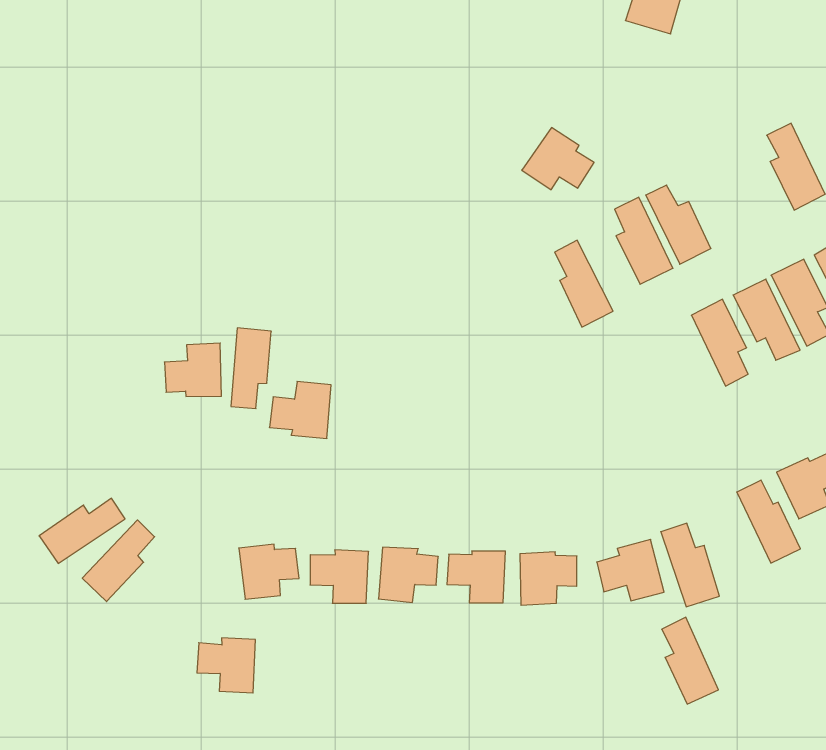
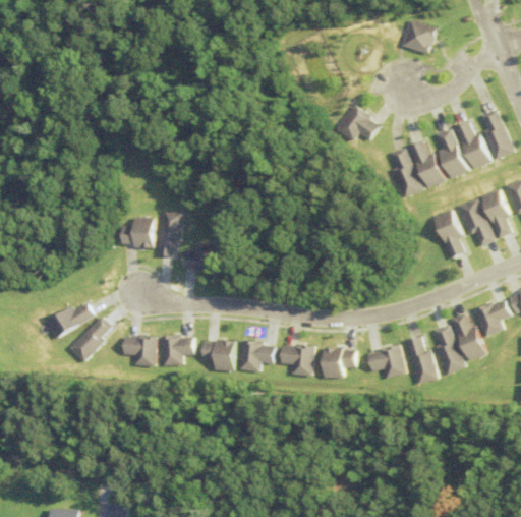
building: none -> [451,121,487,169]
building: [555,240,613,327] -> [433,128,465,178]
building: [662,617,718,704] -> [433,325,464,375]
building: [197,638,255,693] -> [124,334,159,366]

